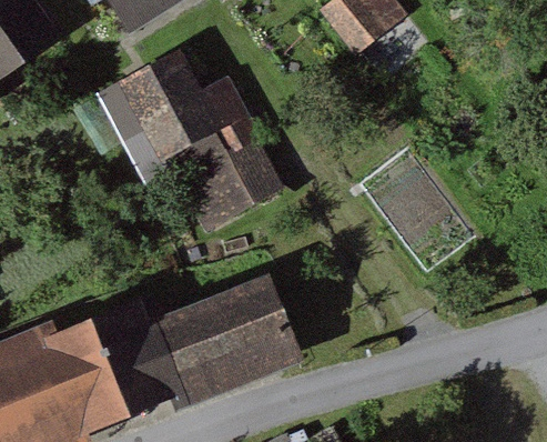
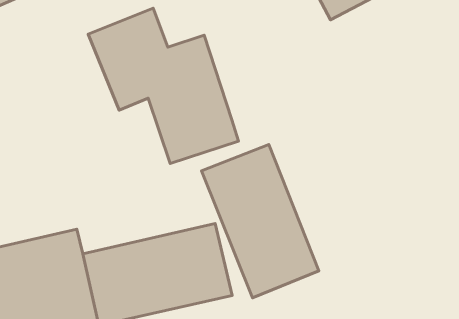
building: none -> [202,145,319,298]

